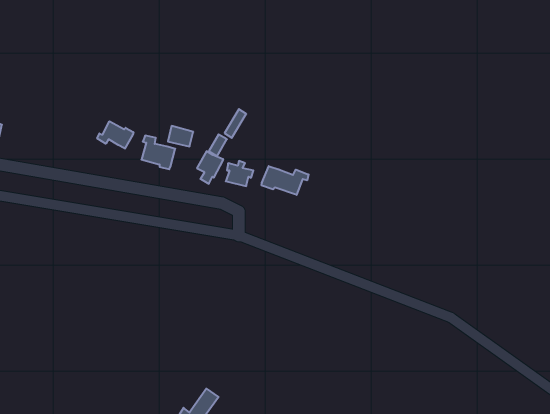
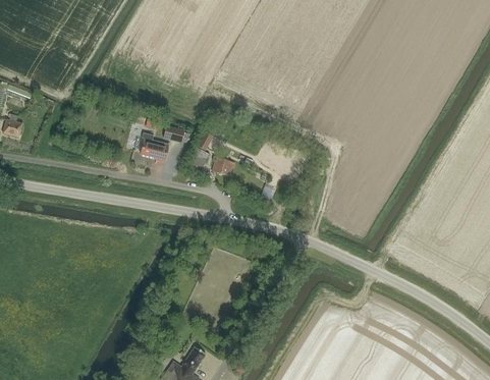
building: [97,121,133,149] -> none
building: [262,166,309,195] -> none

